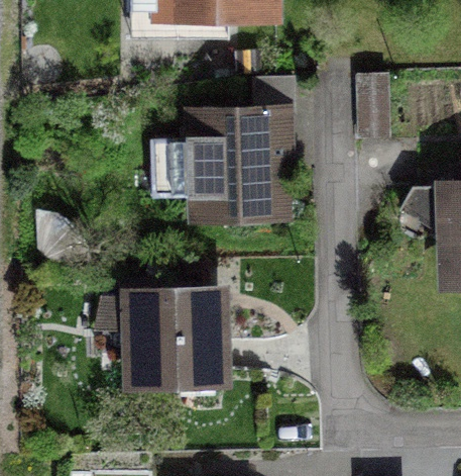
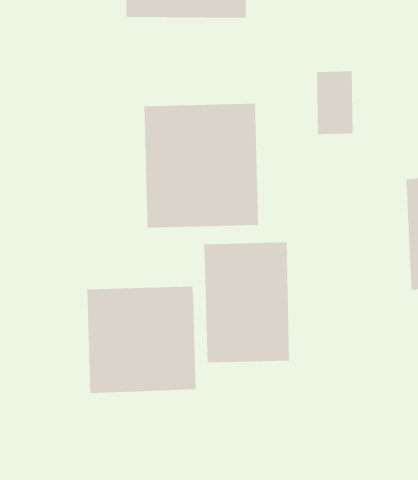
building: none -> [204,242,290,363]

